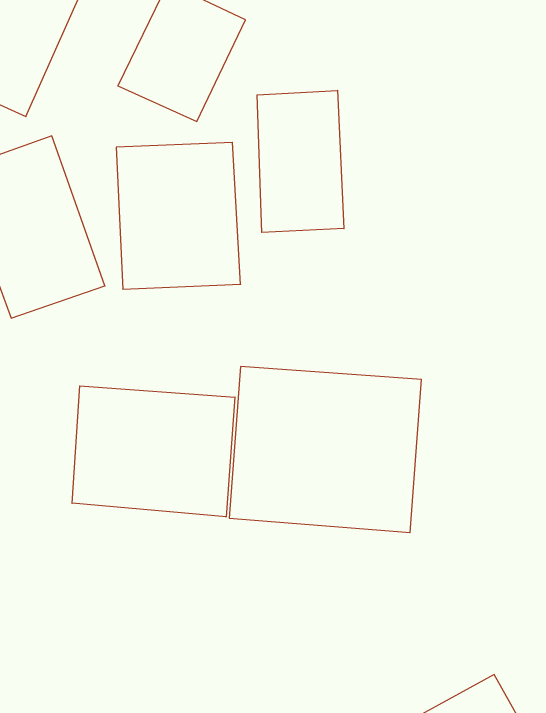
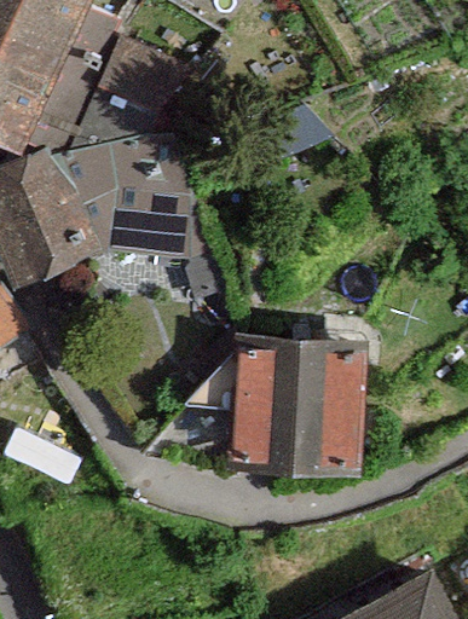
building: [257,90,344,232] -> none
building: [72,386,235,517] -> none

